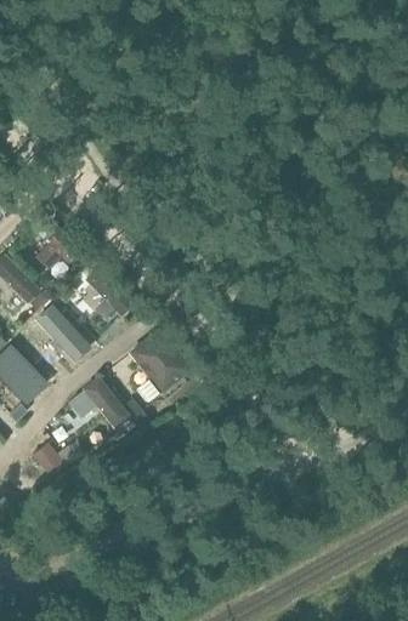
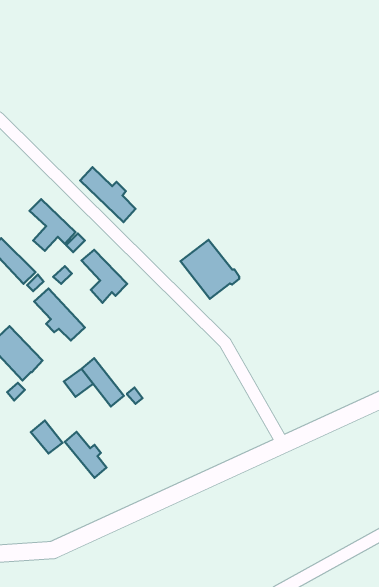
building: none -> [80,167,136,222]
building: [130,330,191,391] -> [180,240,239,299]
building: none -> [65,432,106,478]

